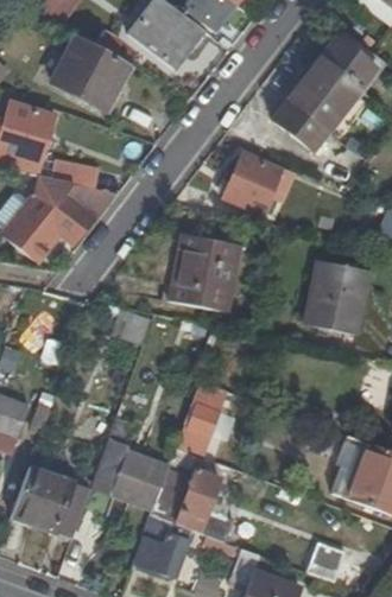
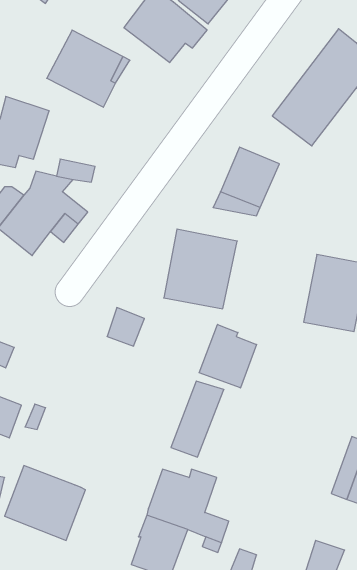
building: none -> [199,324,257,388]
building: [91,438,167,508] -> none

